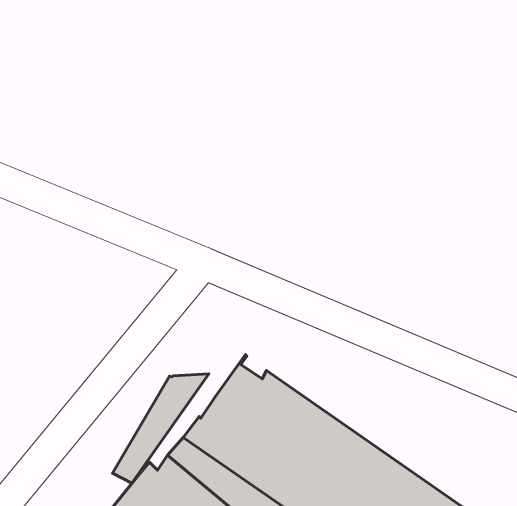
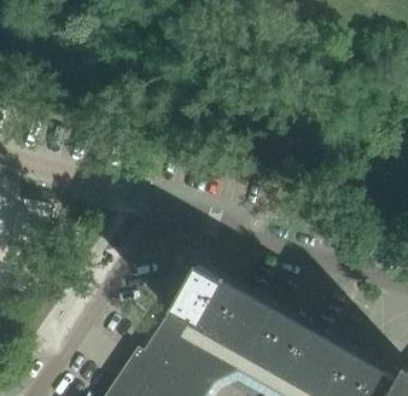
building: [112,374,209,483] -> none

